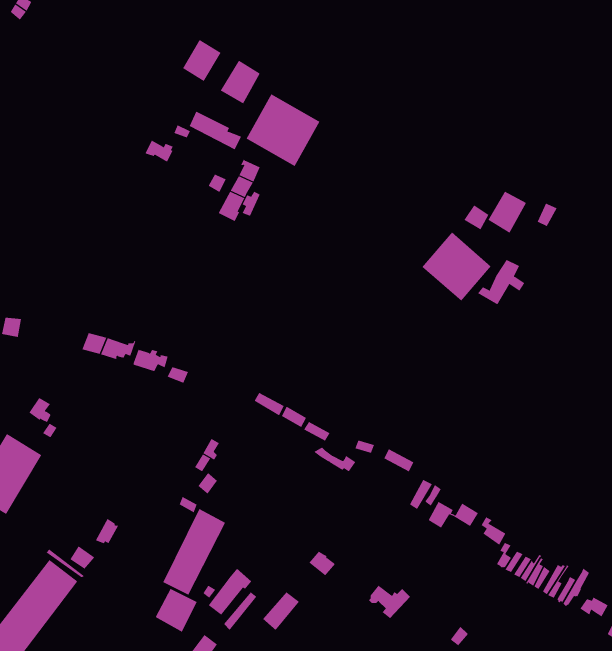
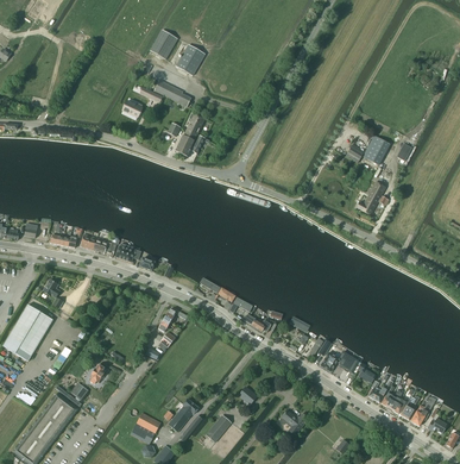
building: [246,93,320,167] -> none
building: [422,232,492,302] -> none
building: [163,508,226,596] -> none

